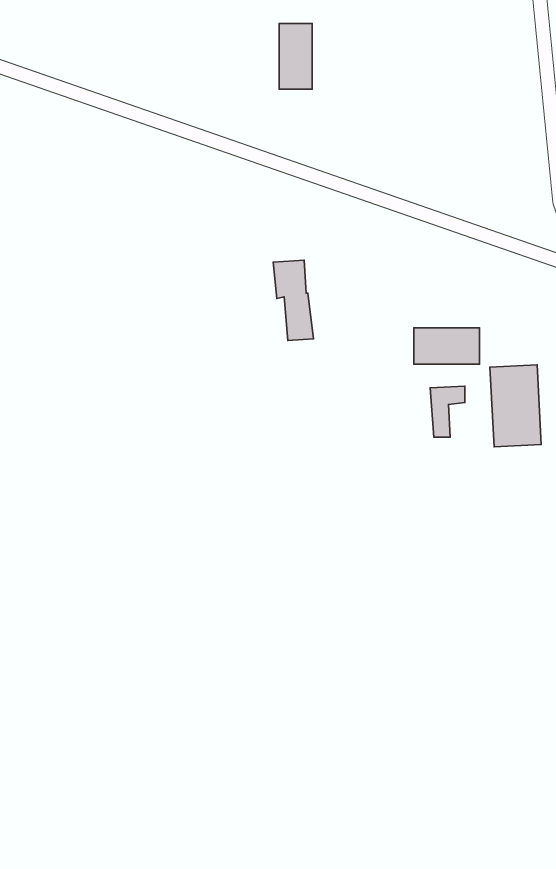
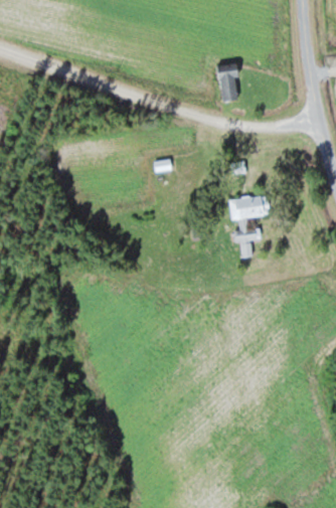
building: [279,24,312,89] -> [218,65,236,102]
building: [490,365,541,447] -> none

